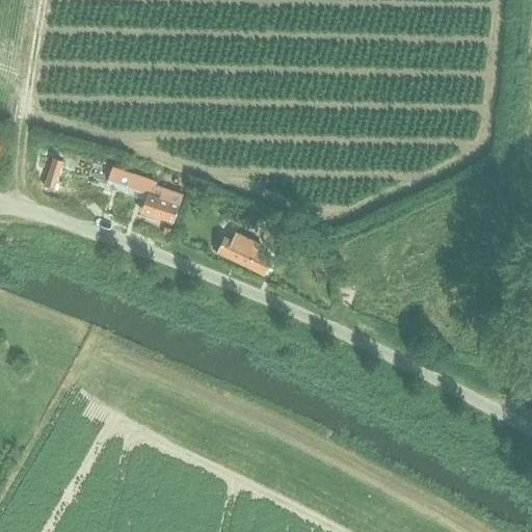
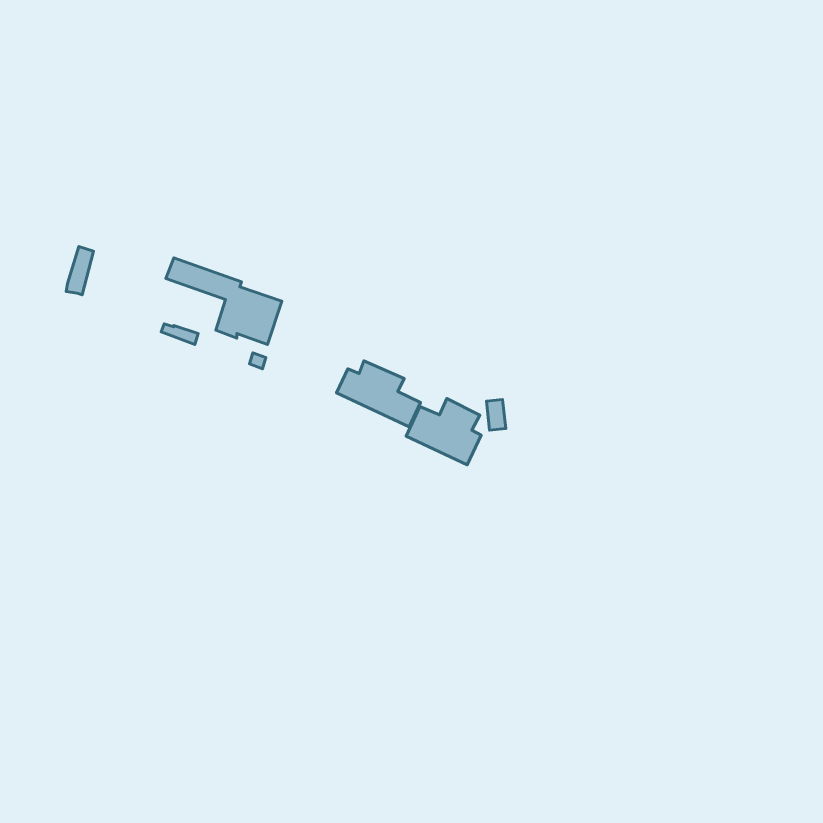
building: none -> [406,399,481,465]

